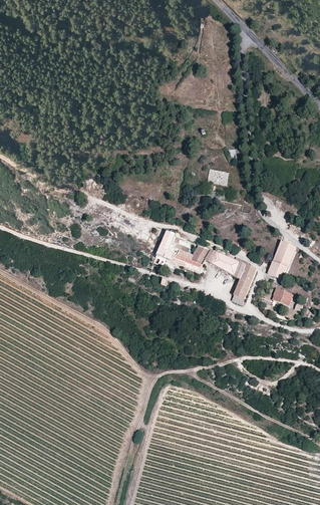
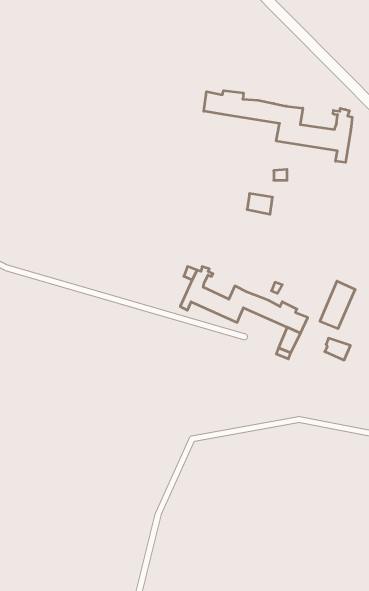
building: none -> [204,91,352,162]

